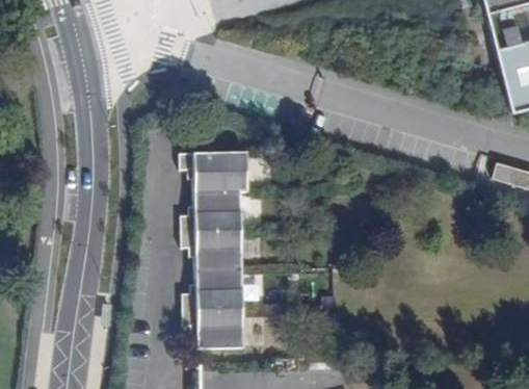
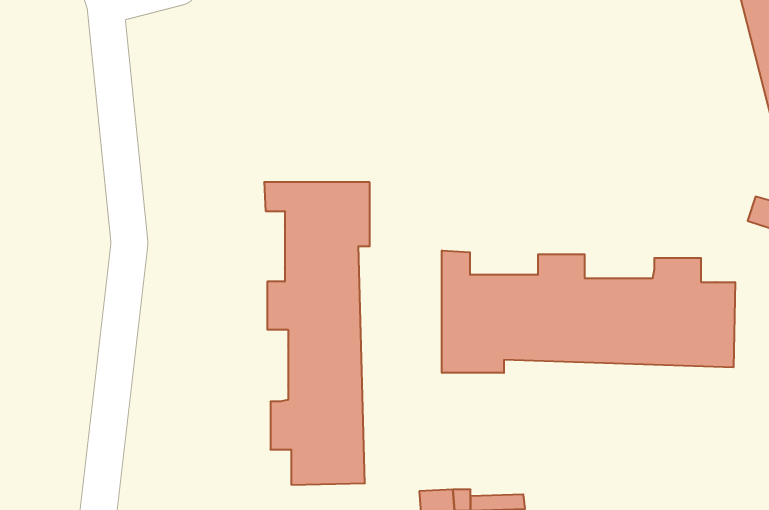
building: none -> [442,250,735,373]

